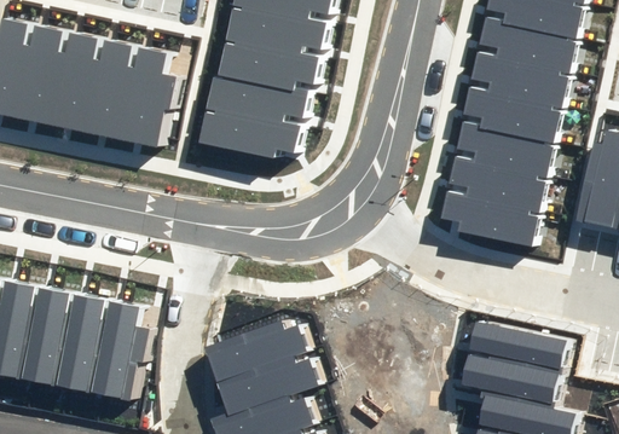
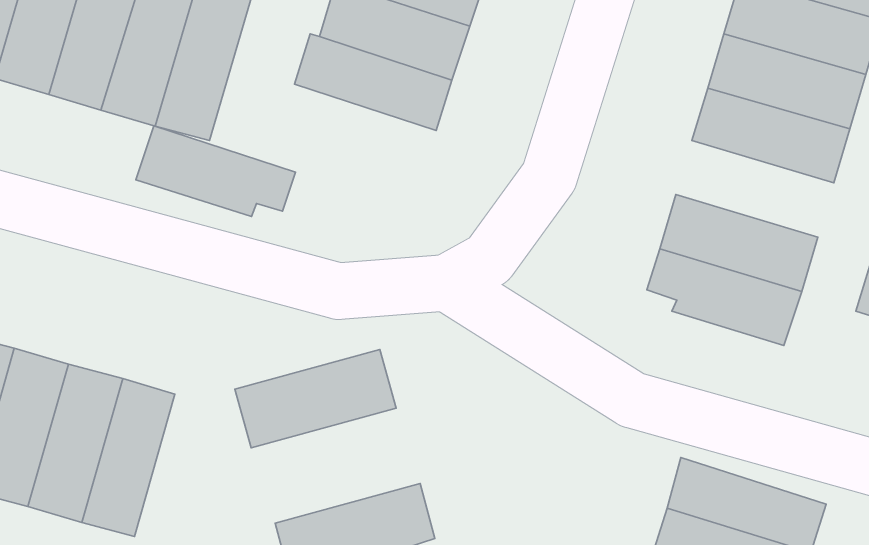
building: [199,106,300,158] -> [136,126,295,216]
building: [455,121,554,175] -> none
building: [206,316,308,384] -> [235,349,396,448]

